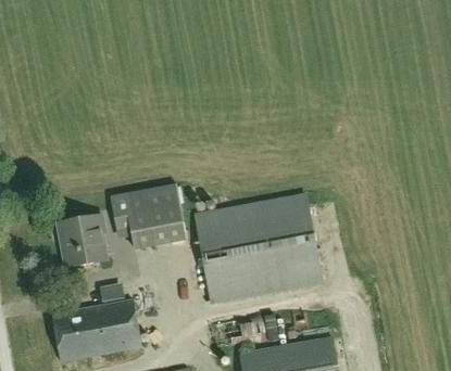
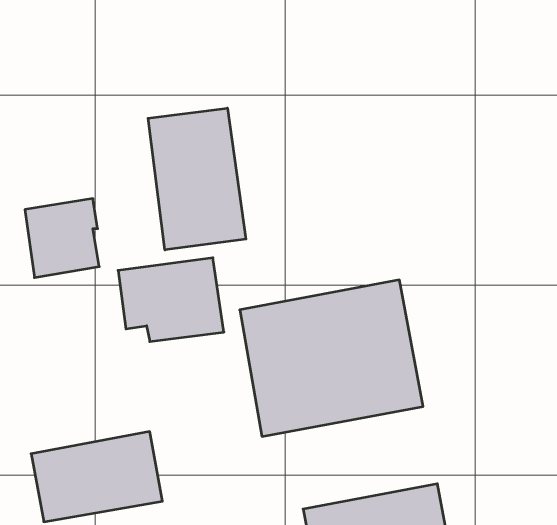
building: none -> [148,108,246,250]
building: [58,213,109,267] -> [25,199,99,278]

